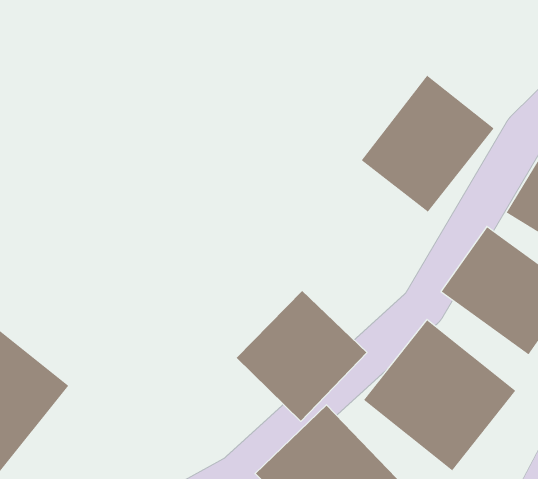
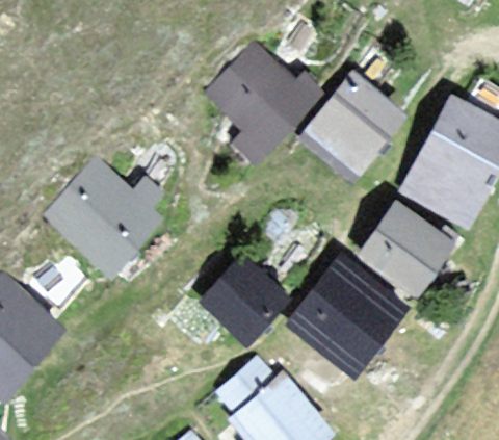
building: none -> [186,32,323,166]
building: none -> [26,151,169,286]

